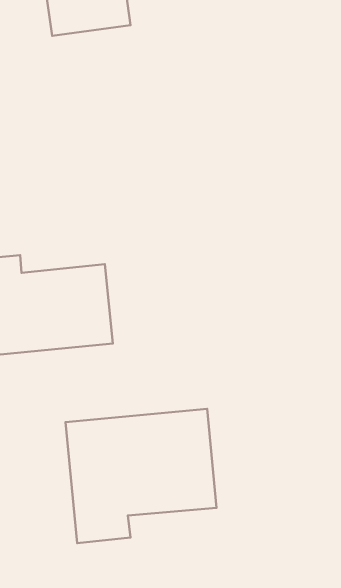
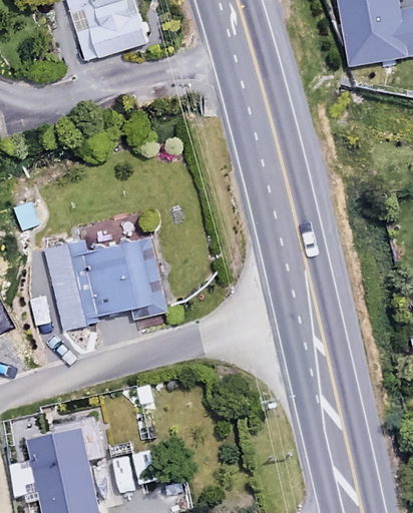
building: [65,409,217,543] -> none

